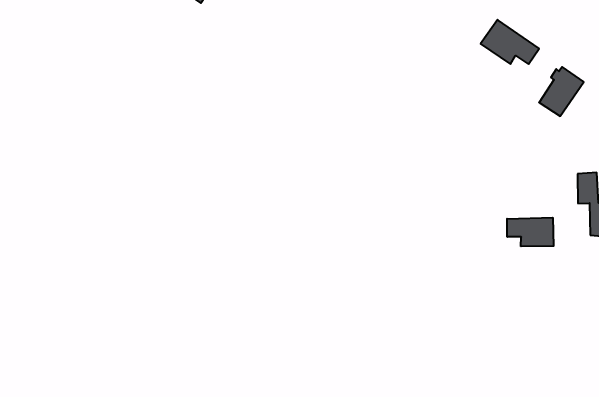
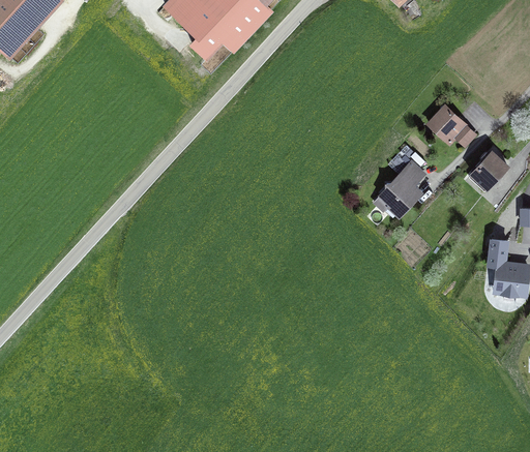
building: none -> [379,162,422,215]
building: [507,218,554,246] -> none

